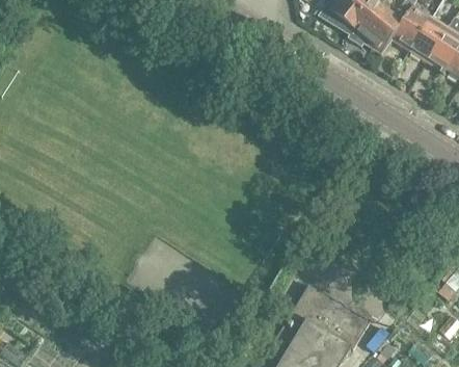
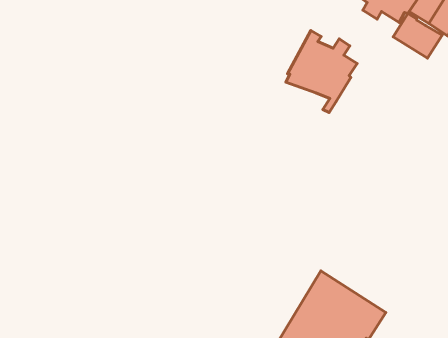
building: none -> [393,14,442,58]
building: none -> [286,31,357,113]

